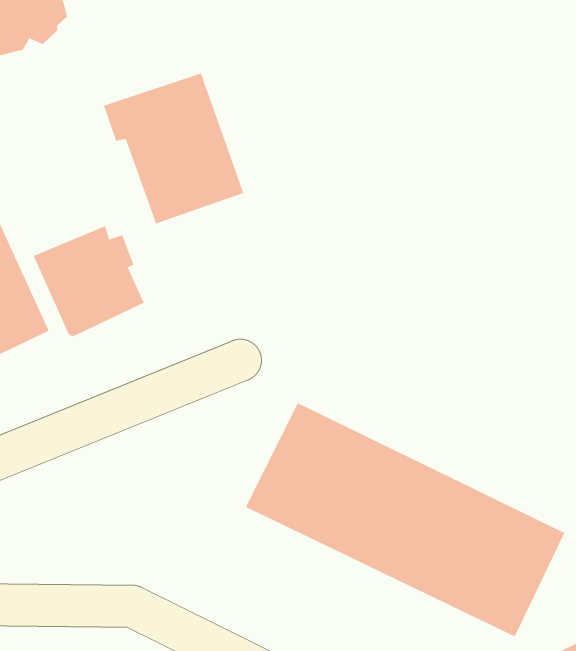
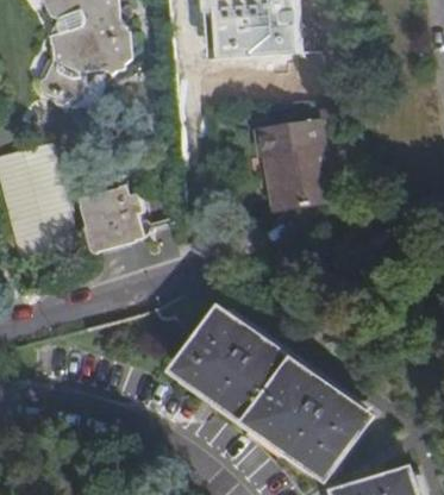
building: [103,73,244,224] -> [256,124,331,209]

